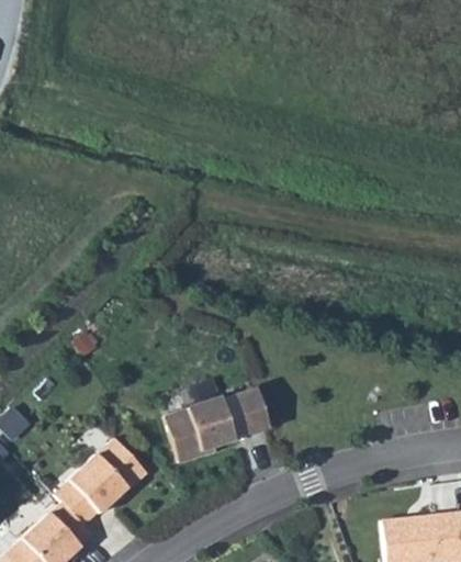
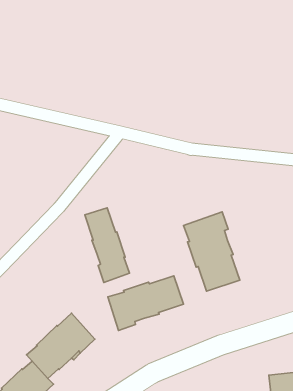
building: none -> [85,208,130,282]
building: none -> [184,212,240,291]

